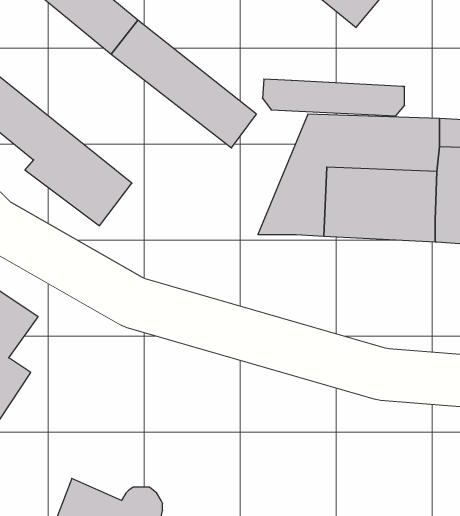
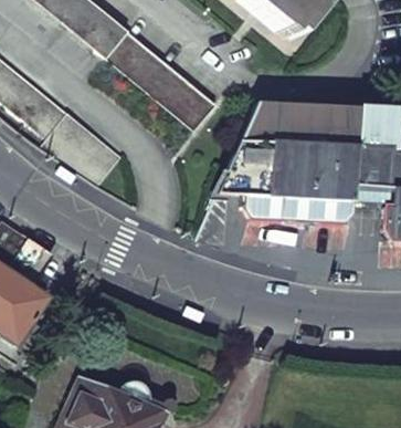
building: [262,79,405,116] -> [246,194,353,221]

